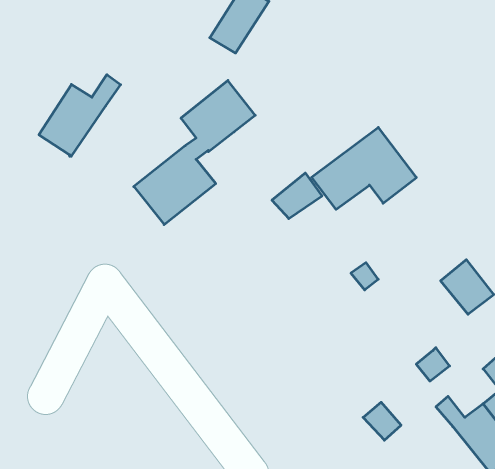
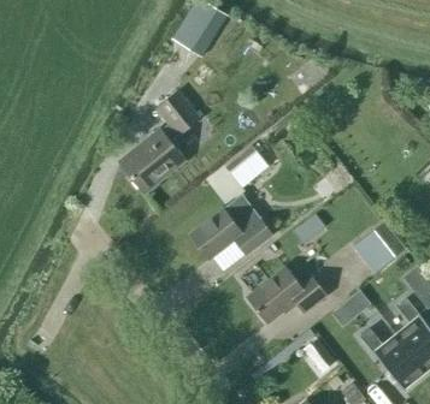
building: [39,75,121,156] -> none
building: [312,127,416,209] -> [188,195,271,260]
building: none -> [246,267,326,323]

